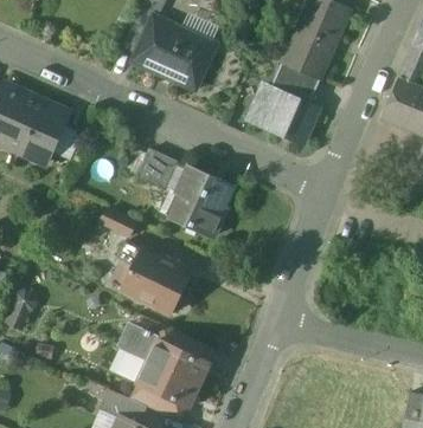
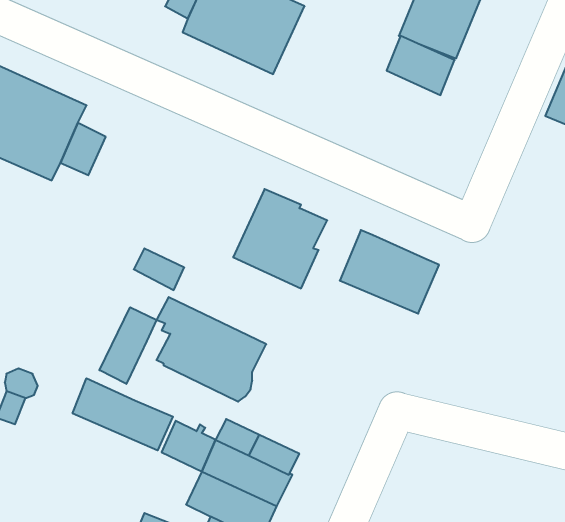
building: [250,84,318,141] -> [340,230,439,314]
building: [139,150,177,188] -> none
building: none -> [99,307,156,384]
building: none -> [73,378,173,450]

